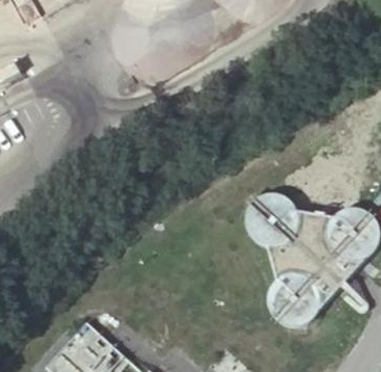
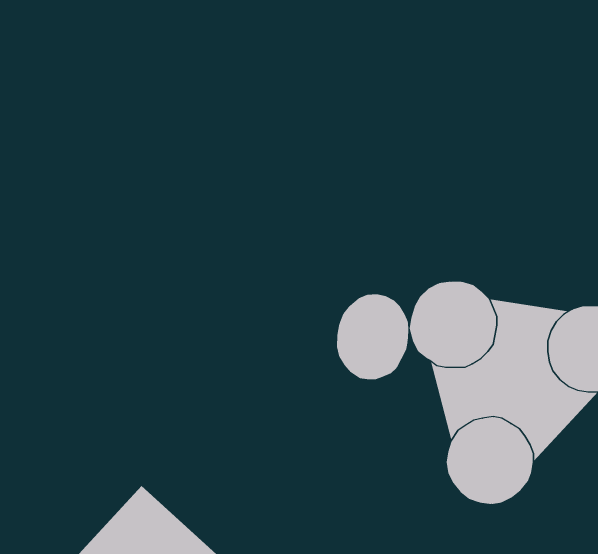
building: none -> [336,294,409,380]

